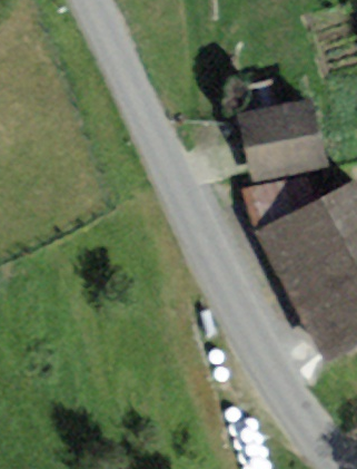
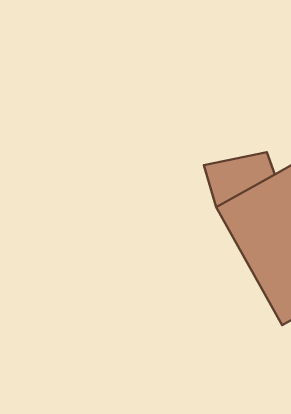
building: [238,96,331,183] -> none

